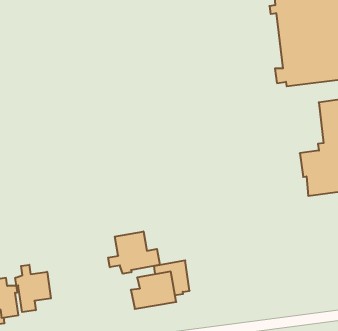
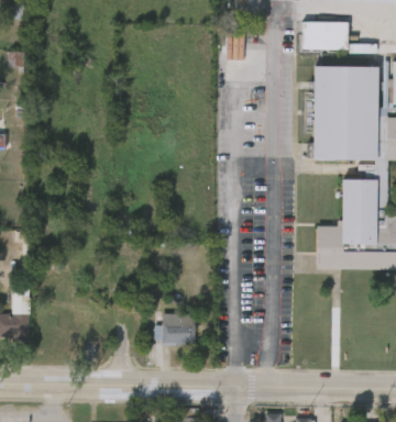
building: [108,231,160,274] -> none
building: [15,265,51,312] -> none

